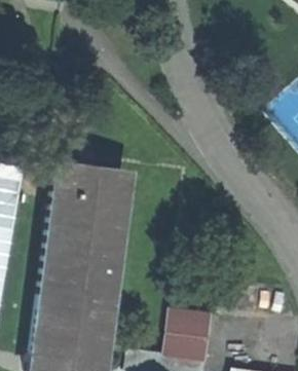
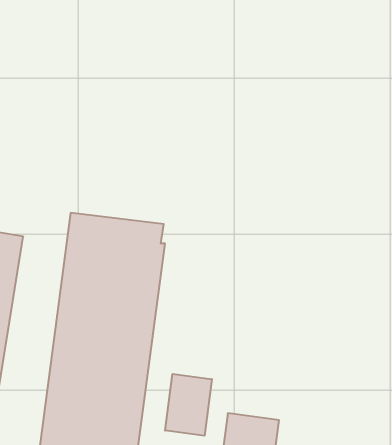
building: none -> [165,374,212,436]

